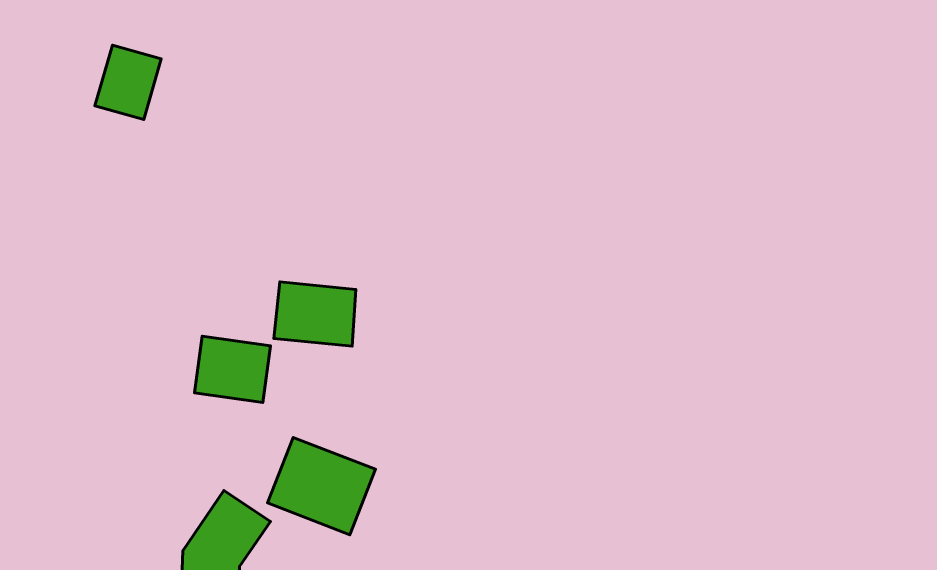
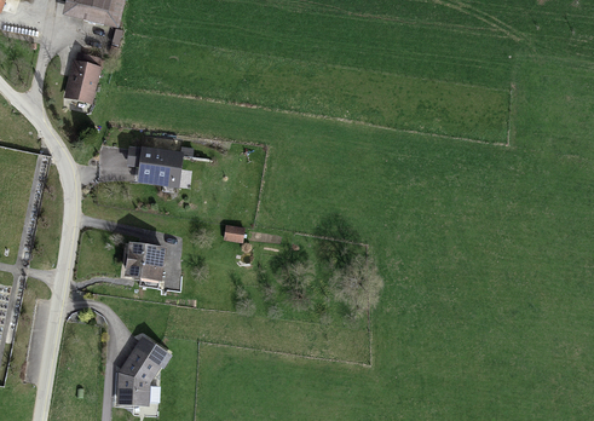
building: [274,282,356,346] -> [138,148,189,188]
building: [268,437,375,535] -> none

